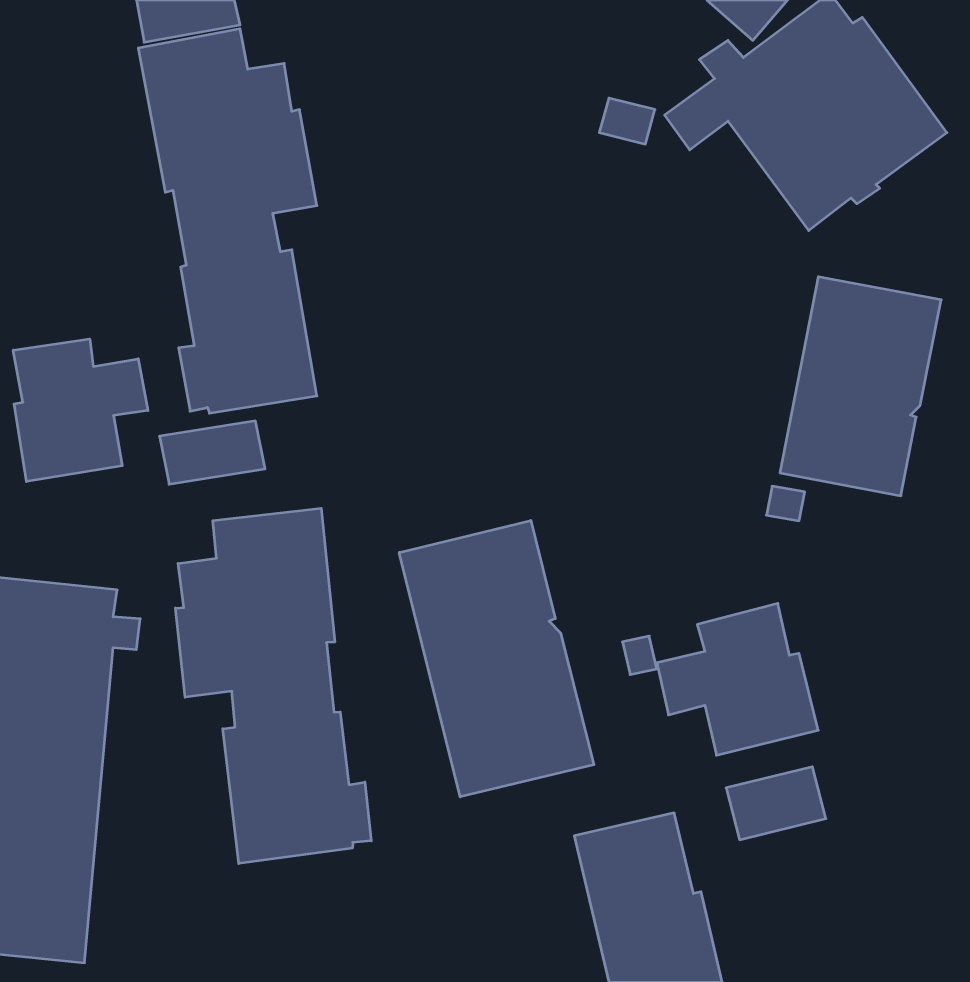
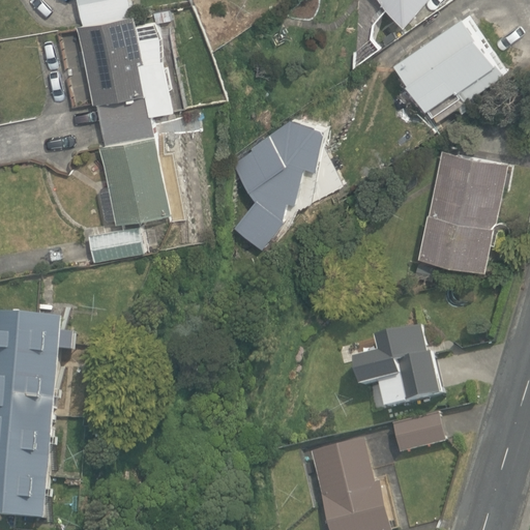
building: none -> [232,113,345,246]
building: [13,339,148,482] -> none
building: [175,508,371,864] -> none
building: [399,520,594,797] -> none

